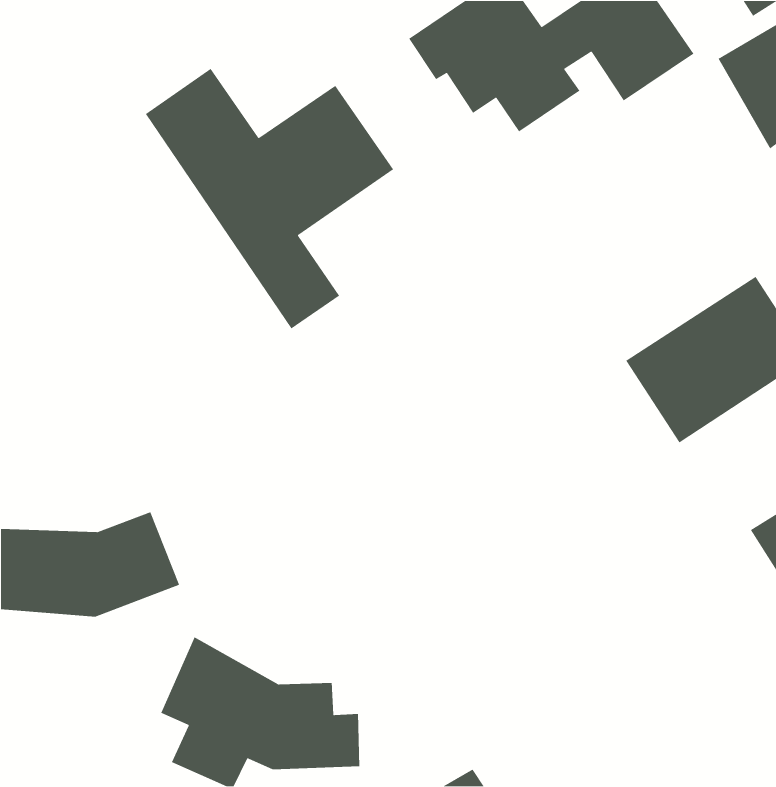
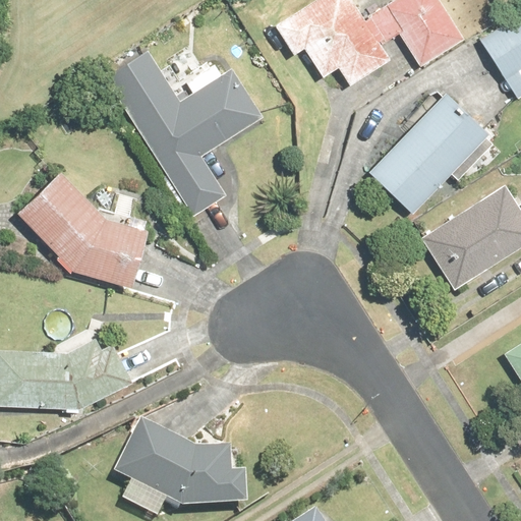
building: none -> [364,95,486,218]
building: none -> [16,170,144,287]

